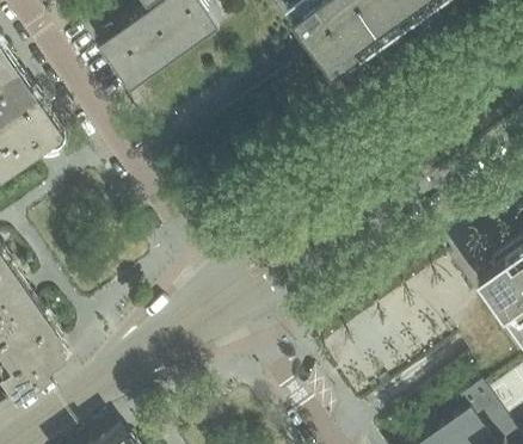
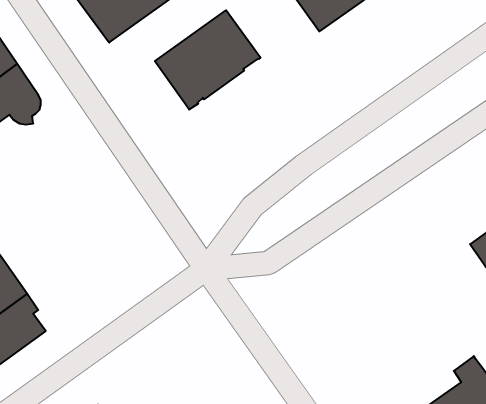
building: none -> [155,10,261,110]

